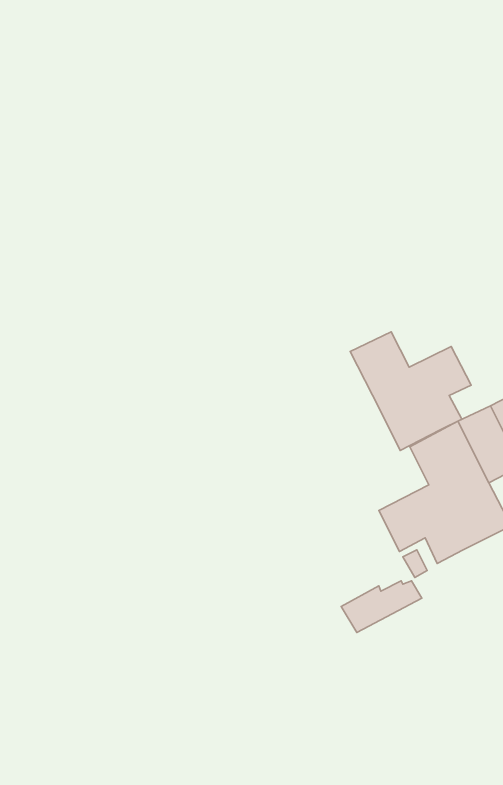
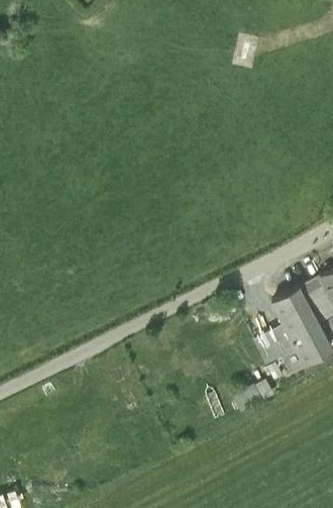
building: [350,332,471,450] -> none

